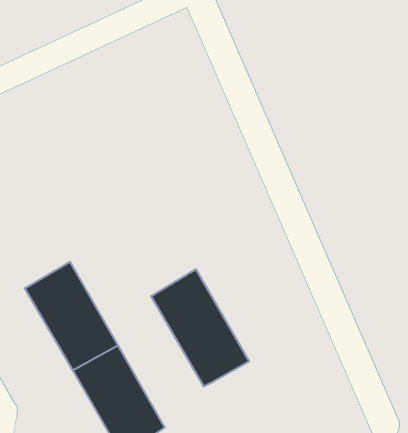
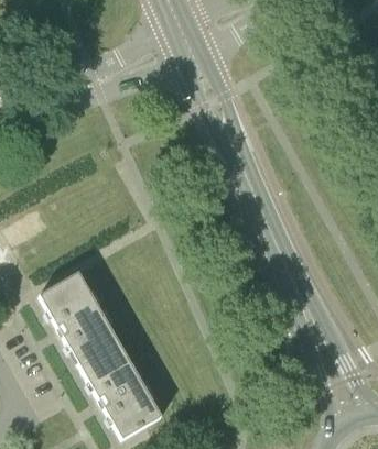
building: [151,269,249,387] -> none

